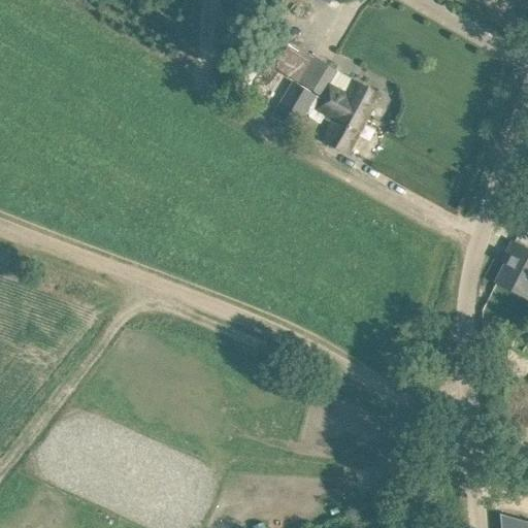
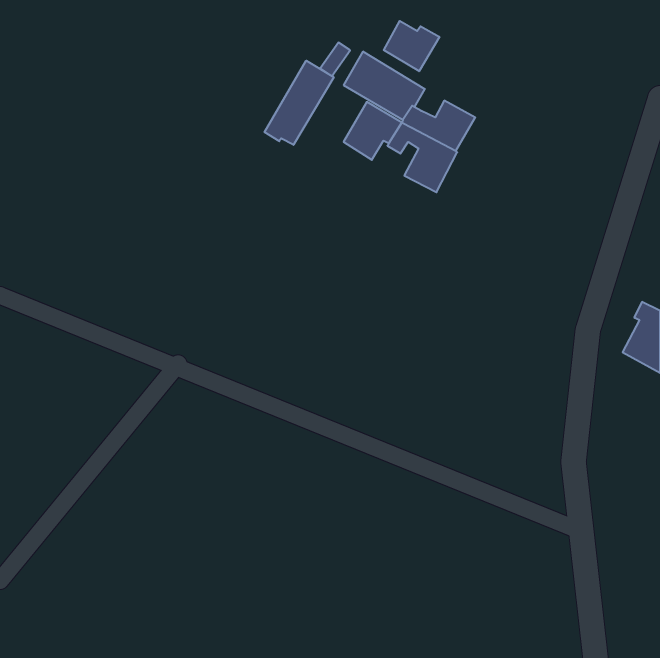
building: none -> [384,21,439,71]
building: none -> [265,61,334,145]

